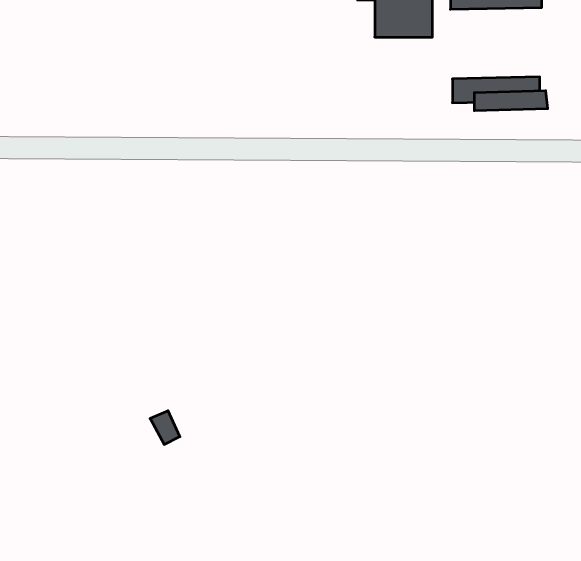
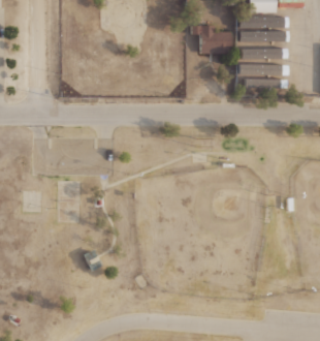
building: none -> [243,48,280,68]

